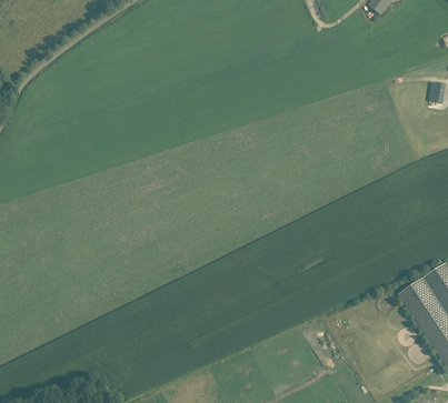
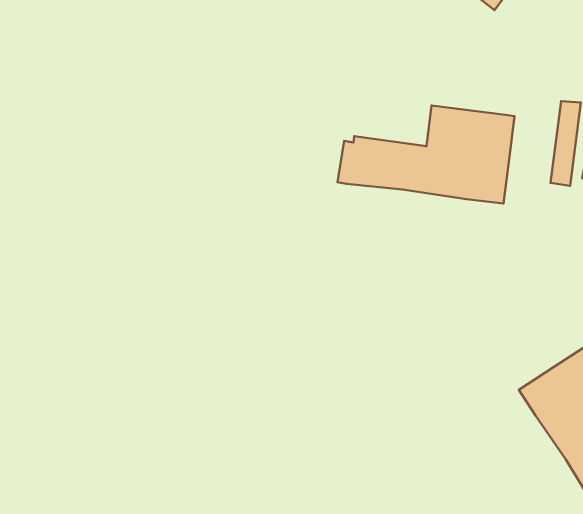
building: none -> [338,105,514,204]

